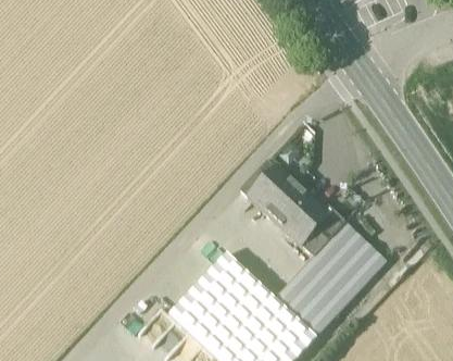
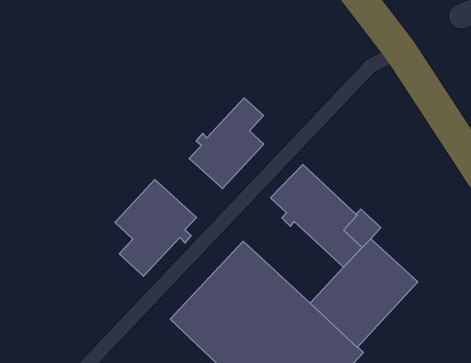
building: none -> [189,98,264,189]
building: none -> [115,180,197,276]

